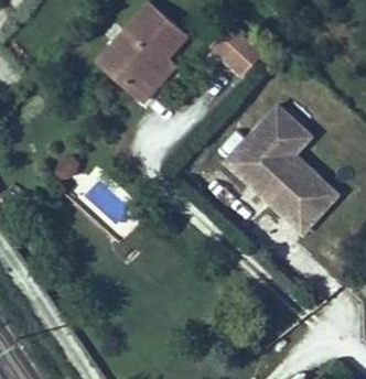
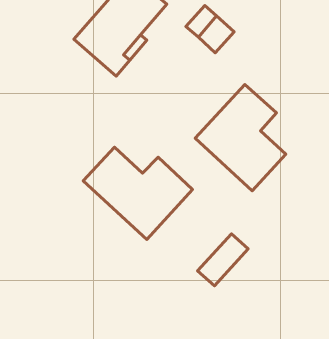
building: none -> [83,147,193,239]
building: [282,182,335,236] -> [198,234,248,286]

